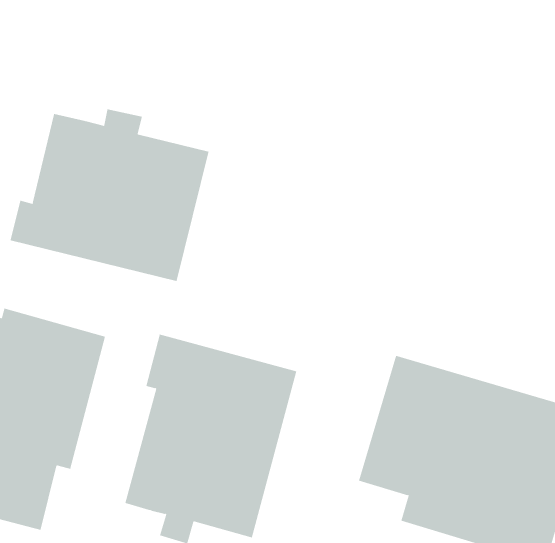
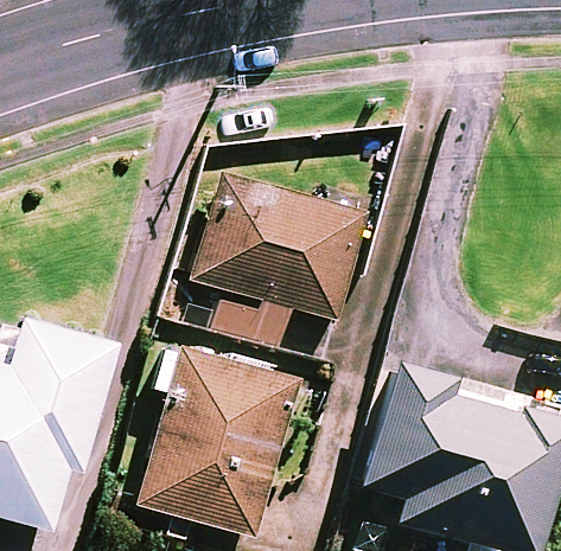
building: [10,108,209,282] -> none
building: none -> [197,177,370,350]

